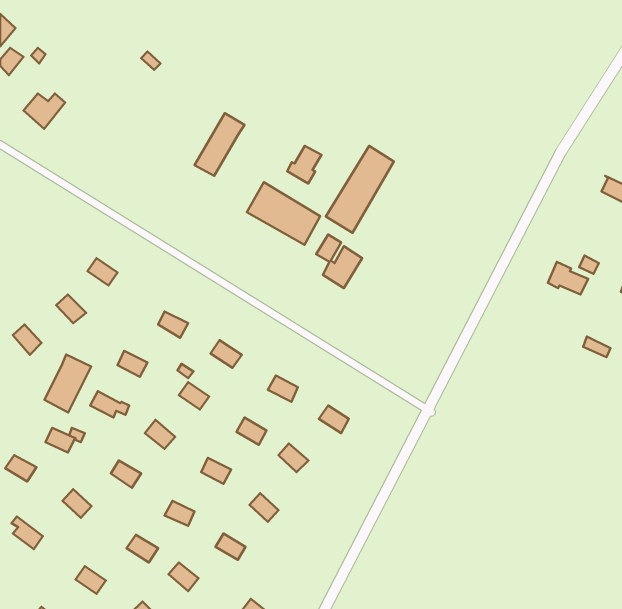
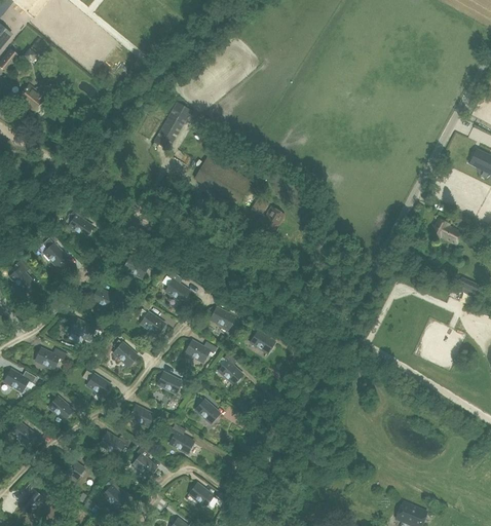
building: [326,146,394,233] -> none
building: [287,146,322,184] -> none
building: [44,354,91,412] -> none

